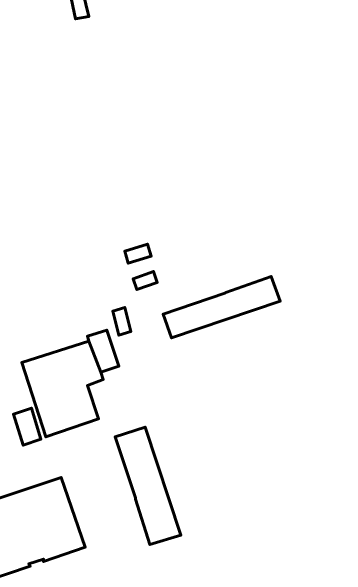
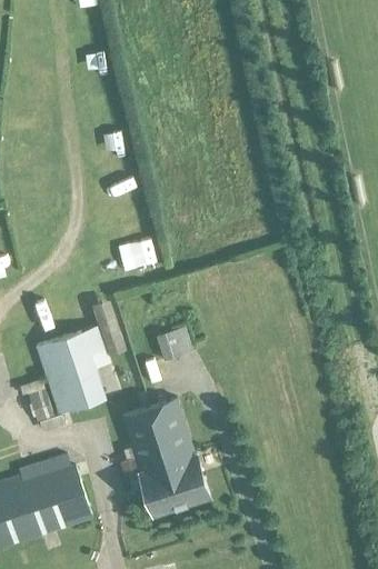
building: [163,277,280,338] -> none
building: none -> [155,327,191,362]
building: none -> [148,398,209,507]

